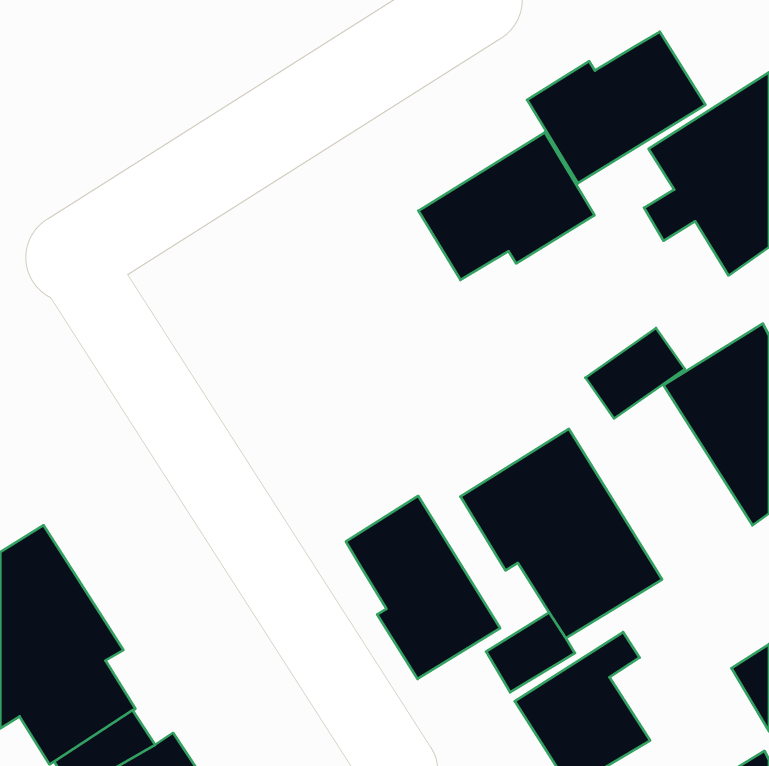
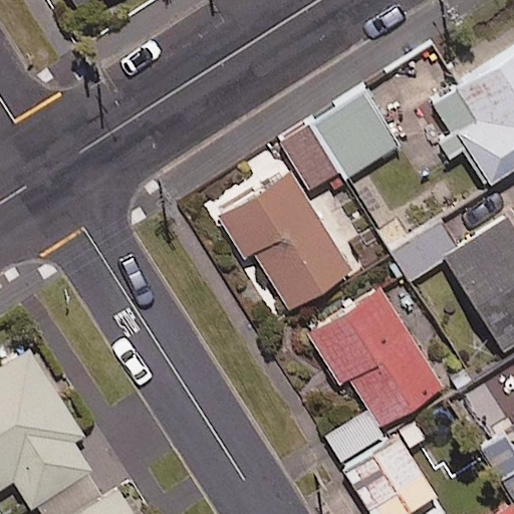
building: [527,32,705,183] -> none
building: none -> [219,174,351,312]
building: [346,496,500,679] -> none

